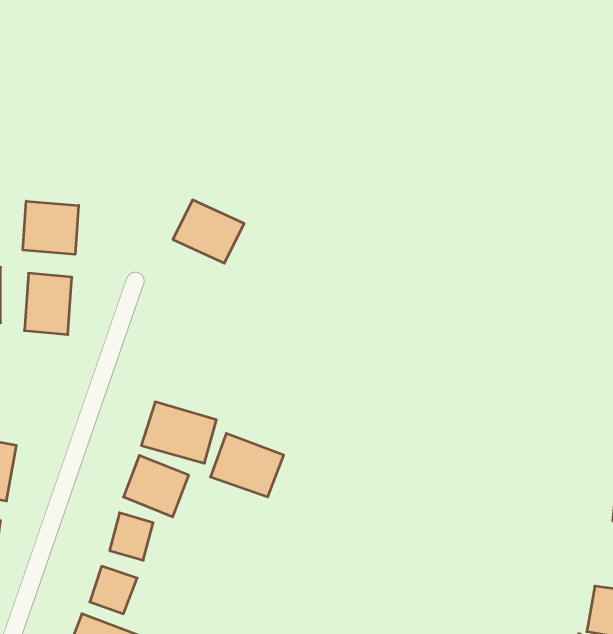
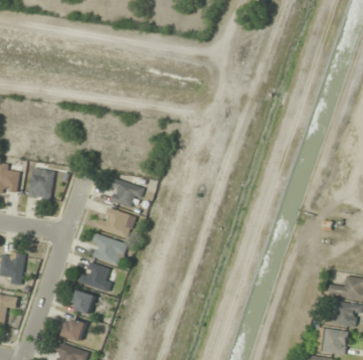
building: [173,200,244,263] -> [107,177,143,209]
building: [23,201,79,254] -> none
building: [210,433,284,497] -> [98,205,135,237]

